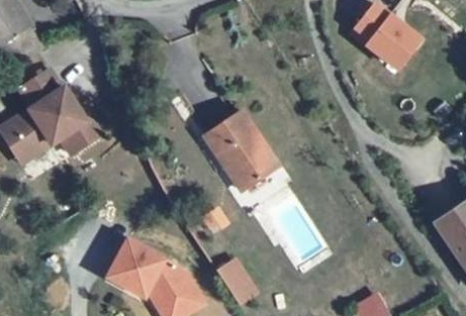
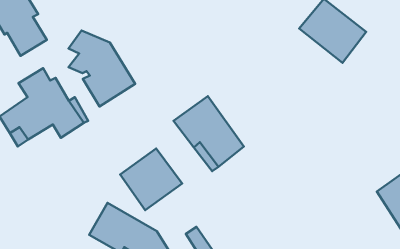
building: none -> [68,30,135,106]
building: none -> [120,149,182,210]

